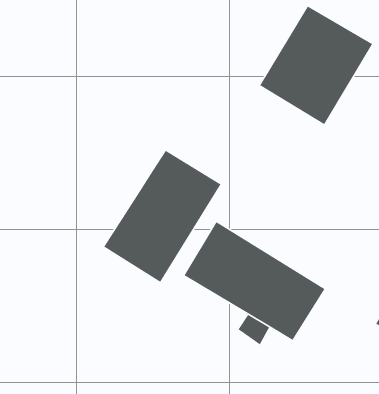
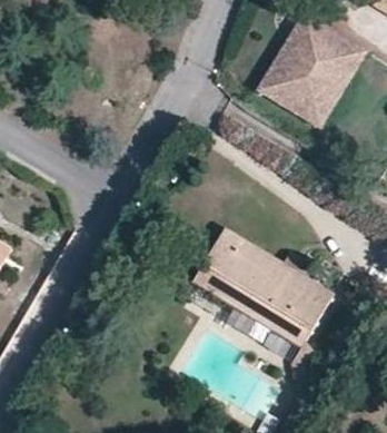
building: [103,150,222,283] -> none

